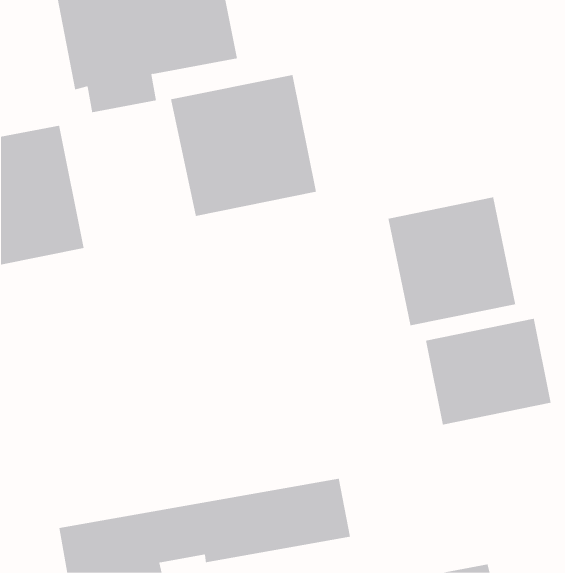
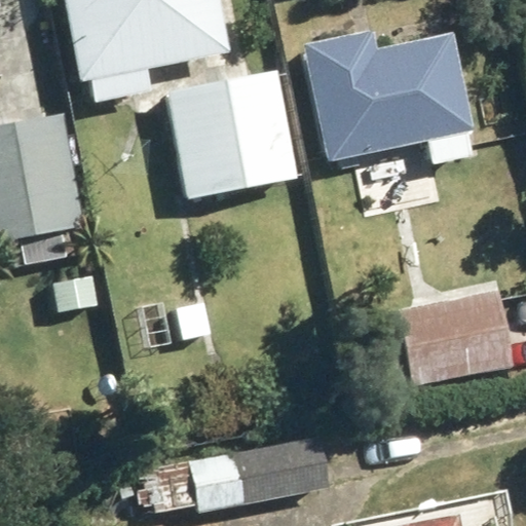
building: none -> [302,32,477,162]
building: [388,197,516,326] -> none

